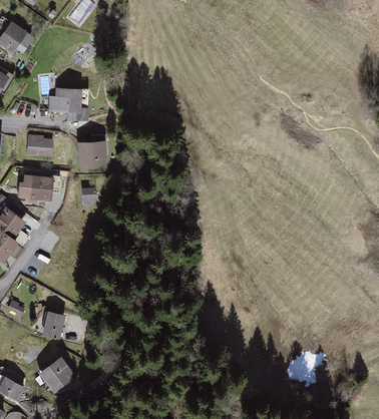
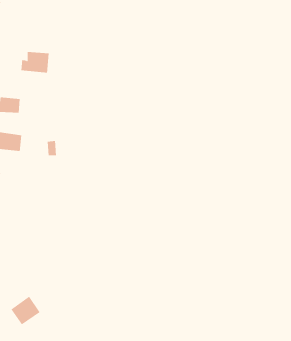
building: [78,142,101,166] -> none
building: [42,311,63,338] -> none

